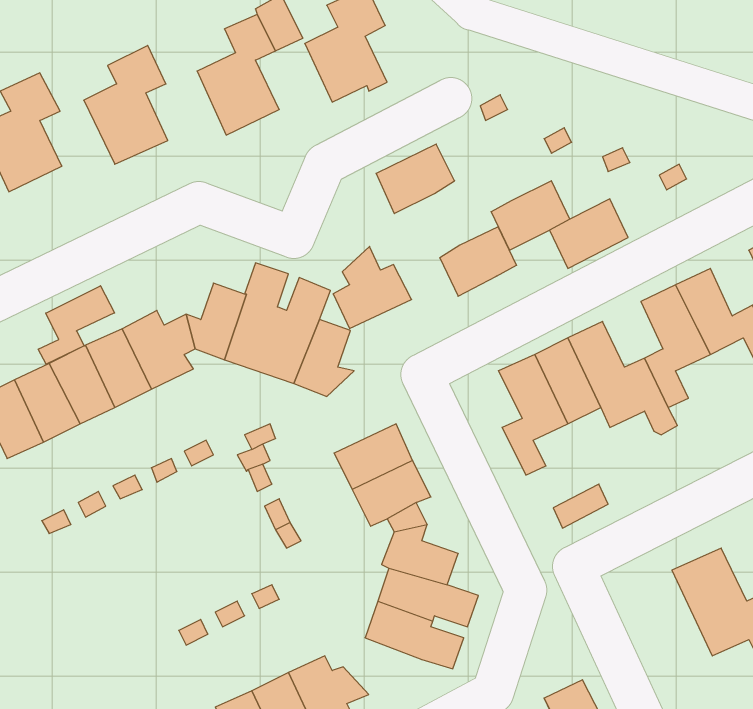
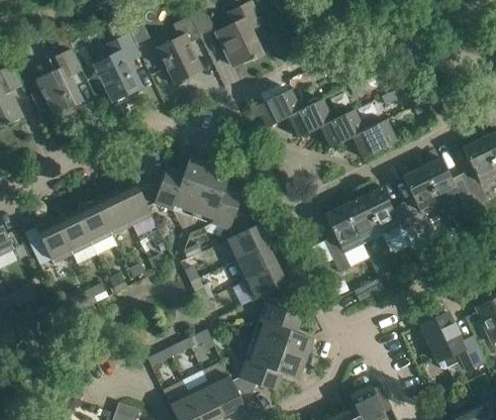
building: [440,227,517,296] -> [289,99,331,137]
building: [333,246,412,329] -> [224,214,268,259]
building: [38,286,115,364] -> none
building: none -> [238,359,282,393]

